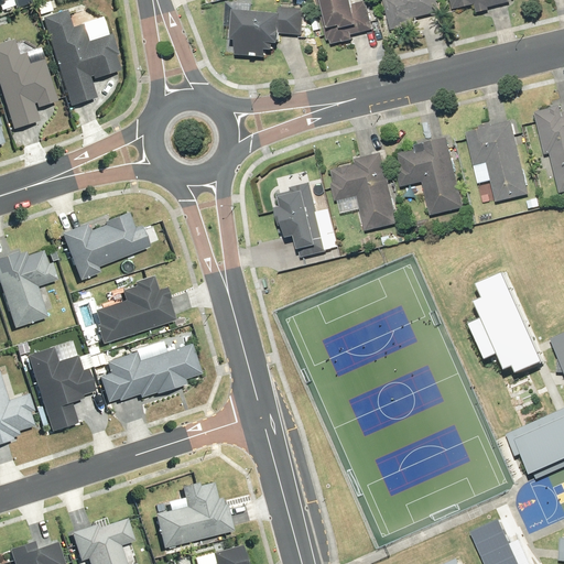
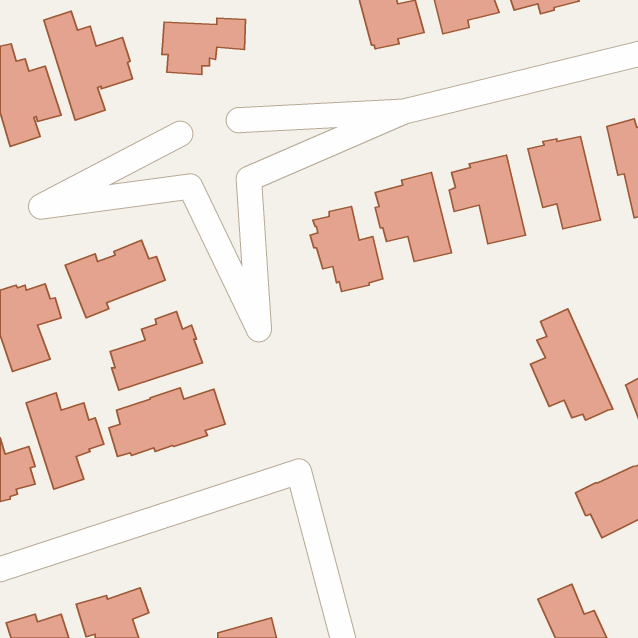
building: [230,7,304,56] -> [162,18,246,75]
building: [153,482,231,547] -> none

